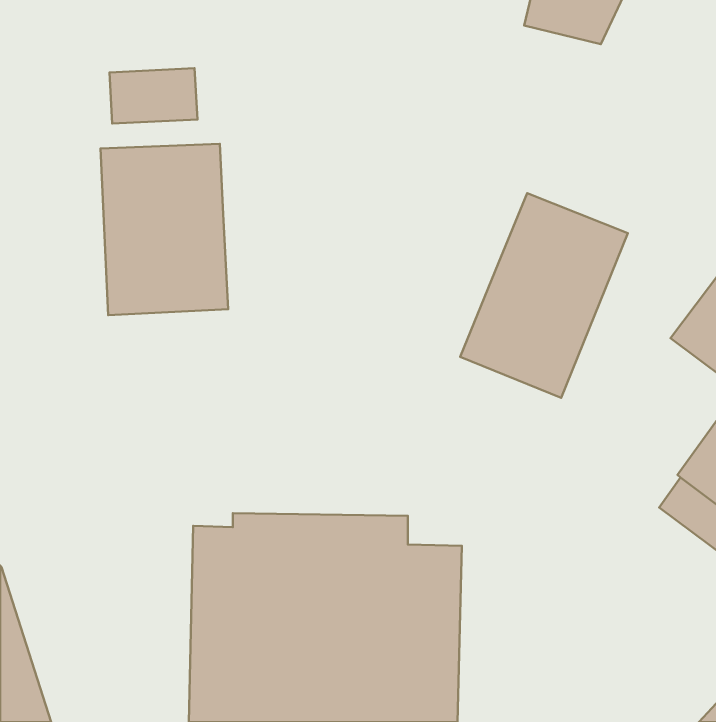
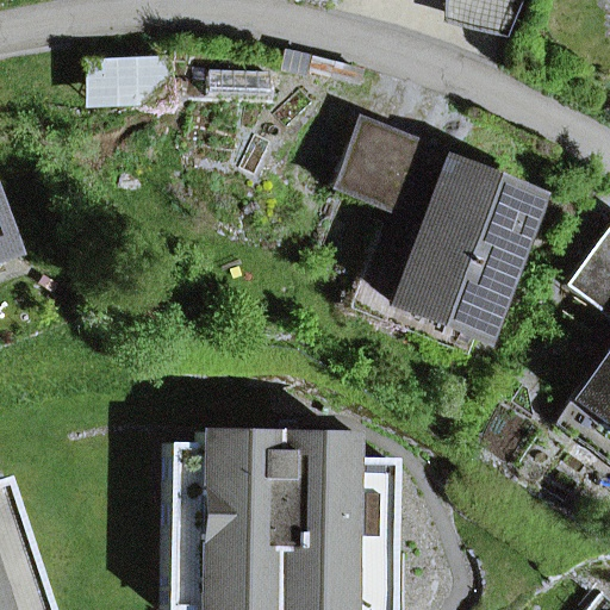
building: [100,144,228,315] -> none
building: none -> [337,125,450,220]

